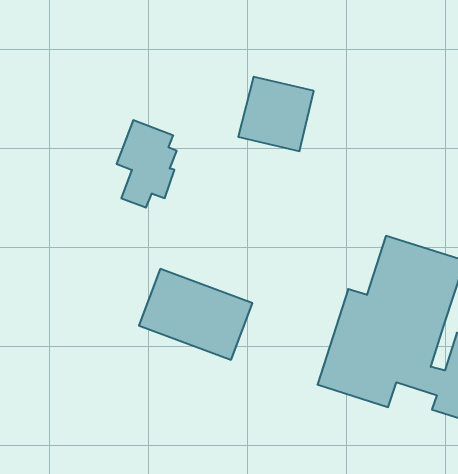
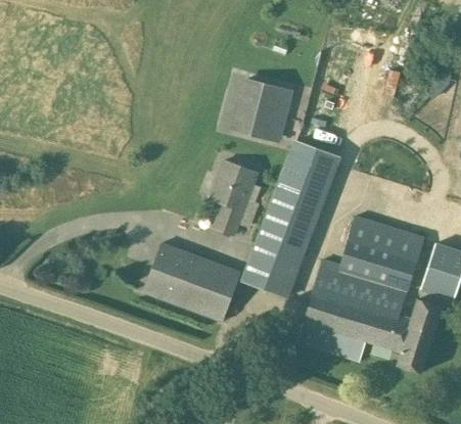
building: [117,120,177,208] -> [210,159,262,235]
building: none -> [241,142,338,297]

